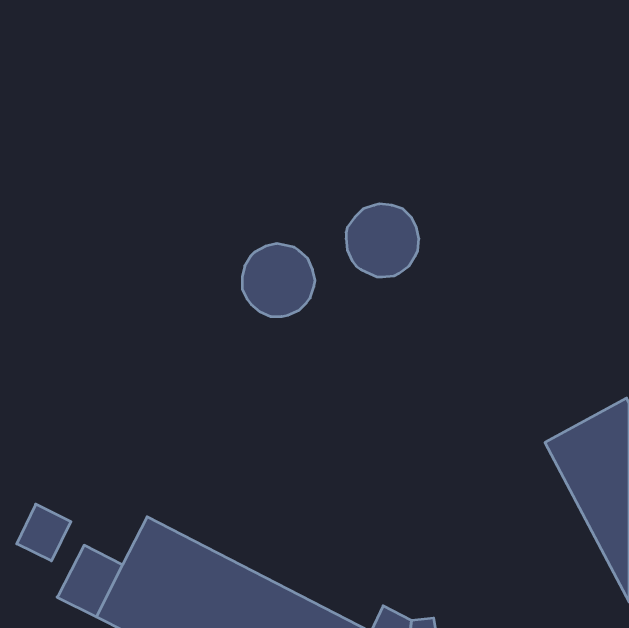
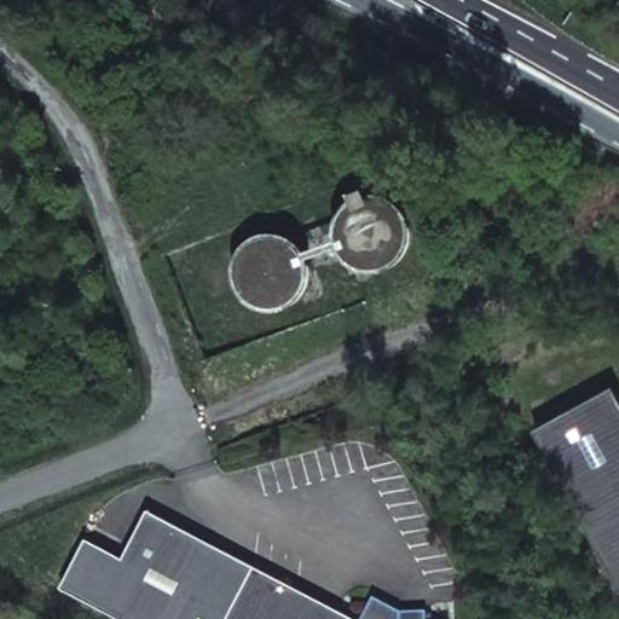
building: [17,504,71,561] -> none

